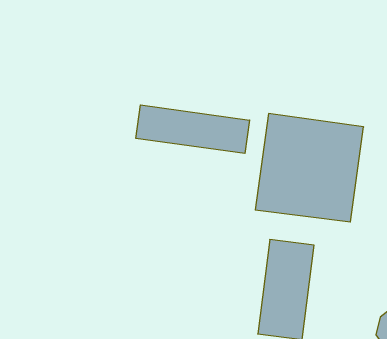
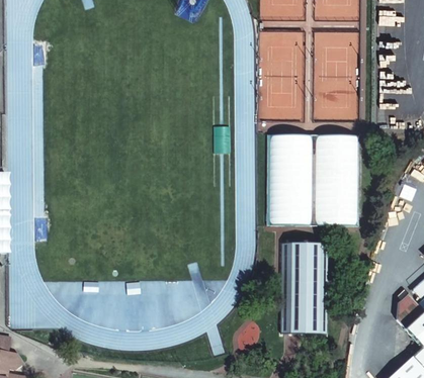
building: [136,105,250,153] -> none

